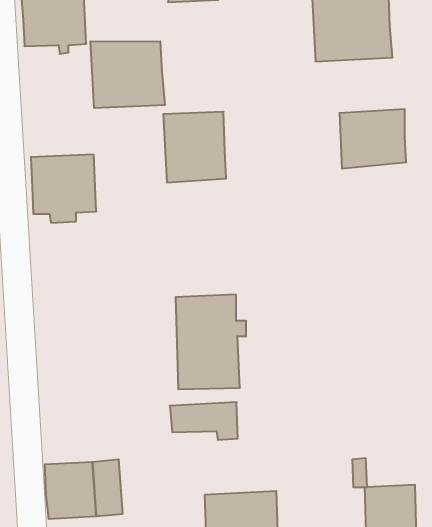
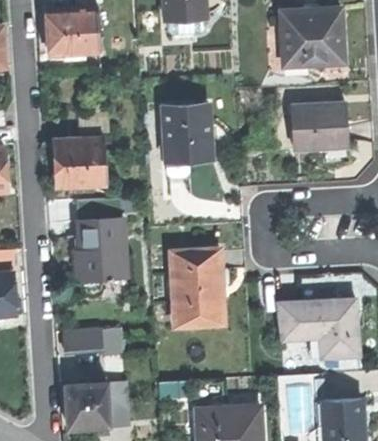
building: [91,41,165,108] -> none
building: none -> [76,219,123,279]
building: none -> [277,301,356,359]
building: [170,402,238,440] -> [63,329,117,359]

